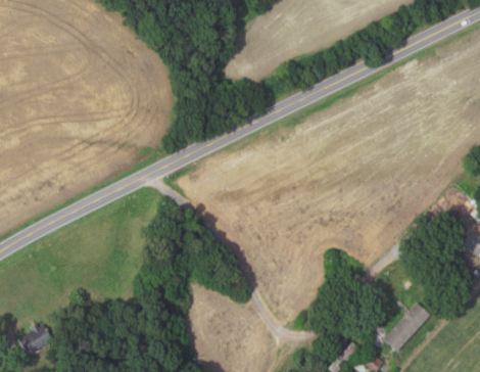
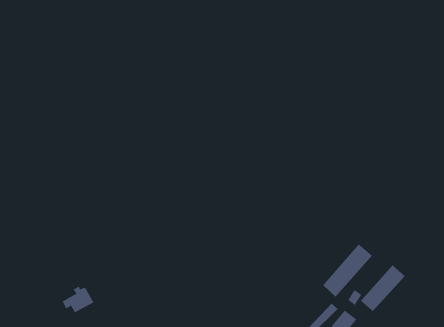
building: none -> [323,243,373,297]
building: [18,322,52,351] -> [62,286,94,313]

